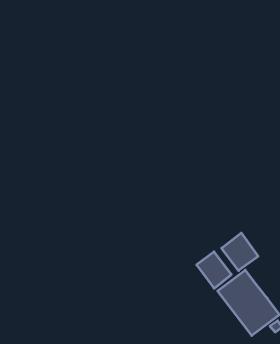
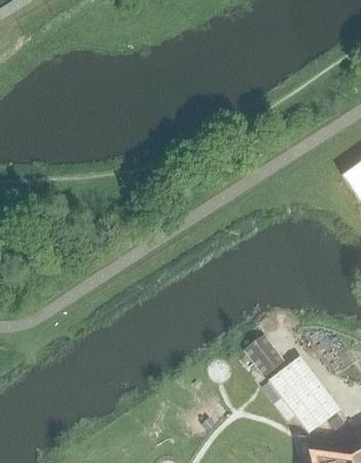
building: [222,233,258,271] -> none

